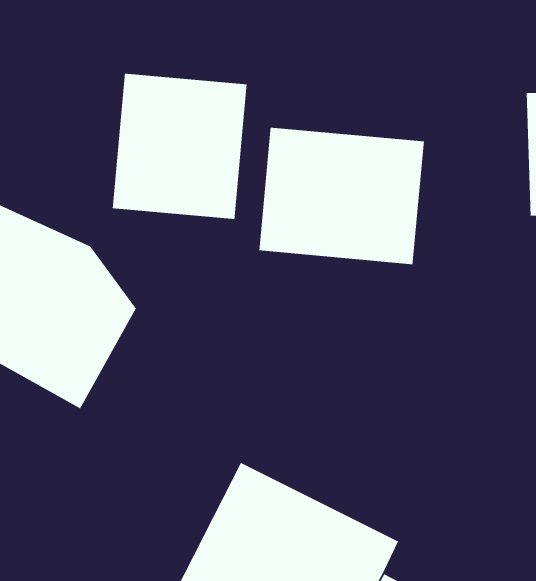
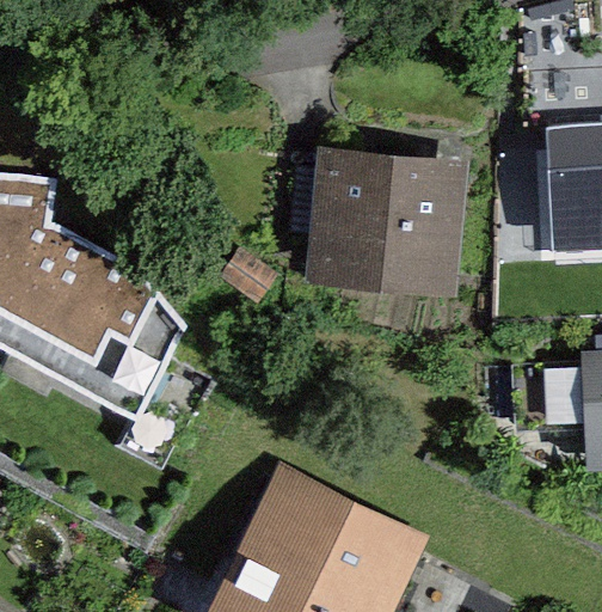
building: [112,73,247,220] -> none

